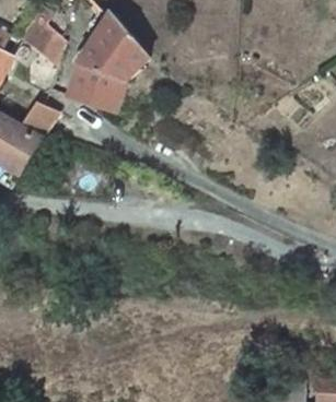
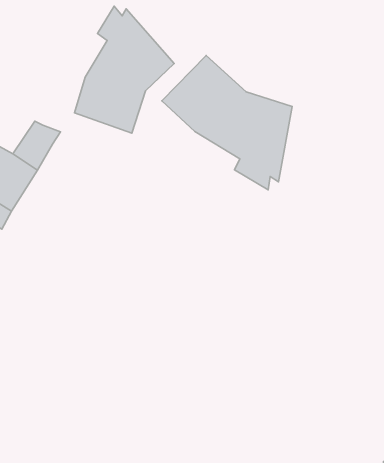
building: [16,15,66,67] -> none
building: none -> [162,55,292,190]

